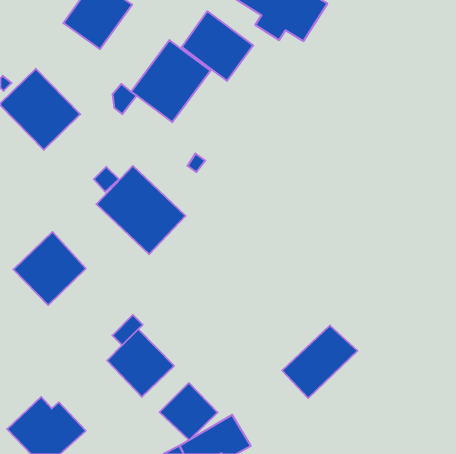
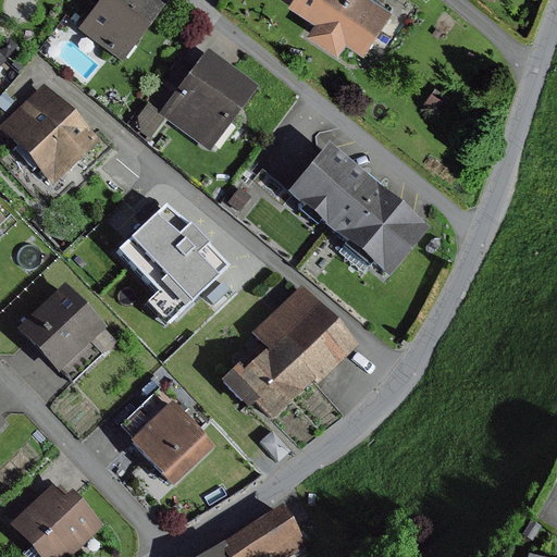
building: [182,11,253,81] -> none
building: none -> [286,144,428,275]
building: none -> [222,284,358,421]
building: [282,325,357,398] -> none
building: [160,383,218,440] -> none

